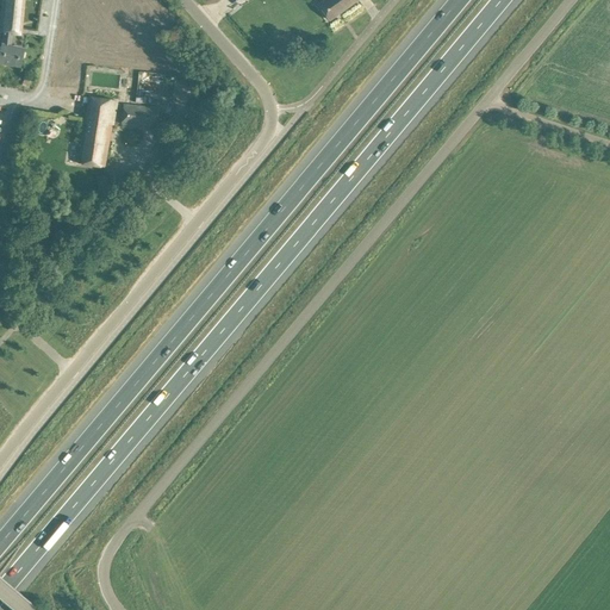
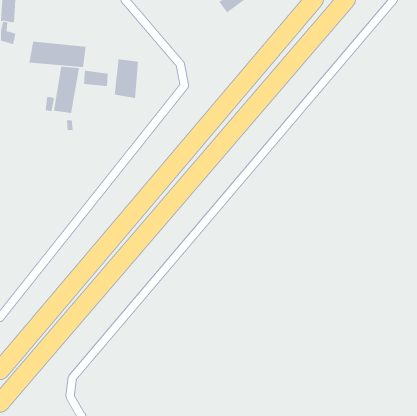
building: none -> [29,41,86,68]
building: none -> [114,59,139,99]

